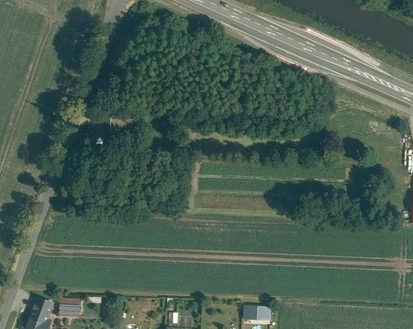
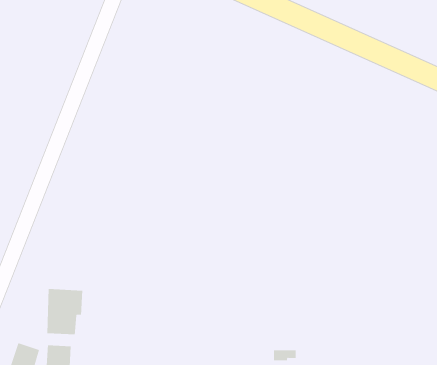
building: none -> [47,288,83,335]

